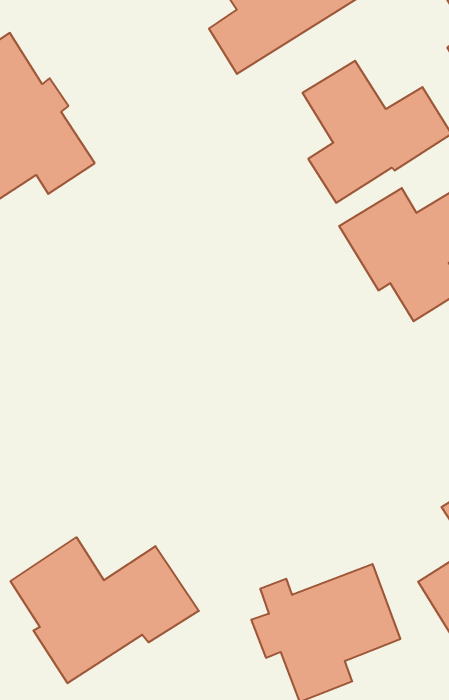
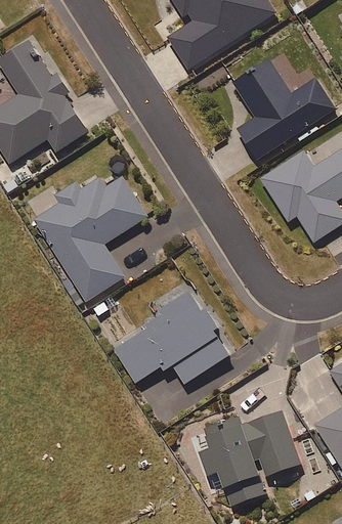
building: none -> [33,175,148,308]
building: none -> [116,293,229,383]
building: [11,537,199,683] -> none

